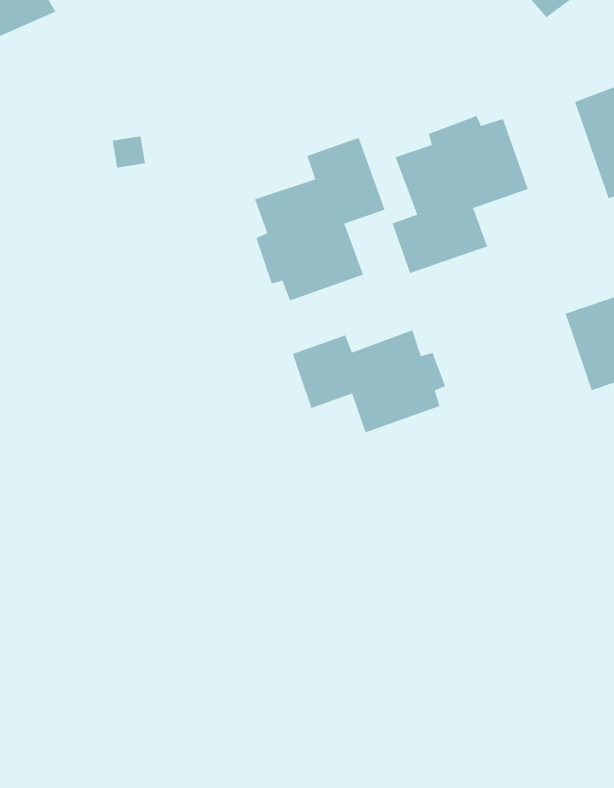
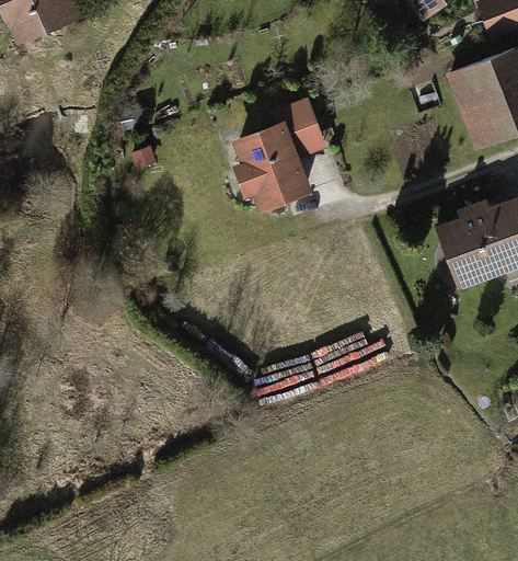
building: [392,115,528,274] -> none
building: [292,329,446,433] -> none

